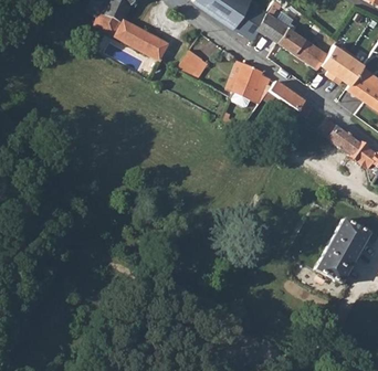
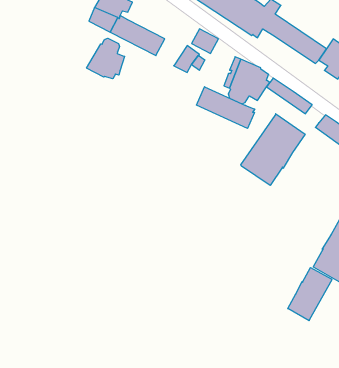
building: none -> [87,38,125,79]
building: none -> [197,87,255,128]
building: none -> [241,114,305,185]
building: none -> [288,268,332,321]

